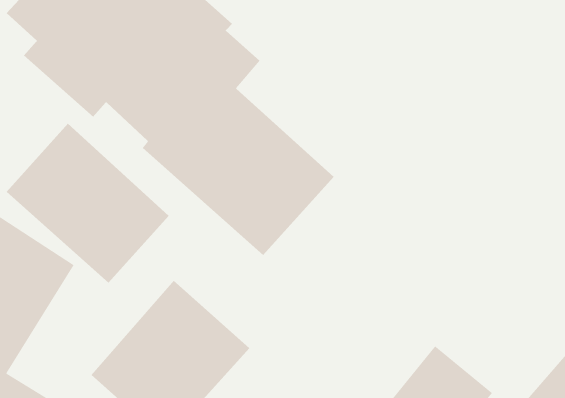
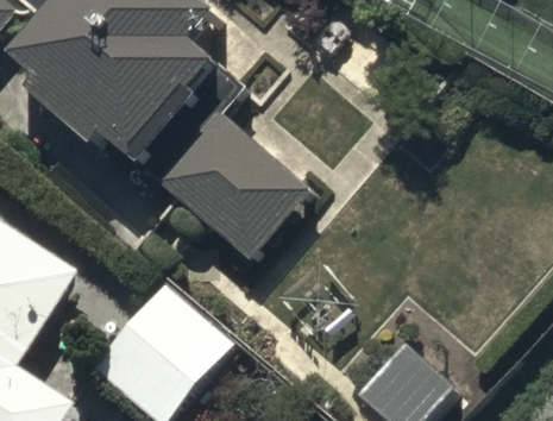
building: [6,123,169,283] -> none

